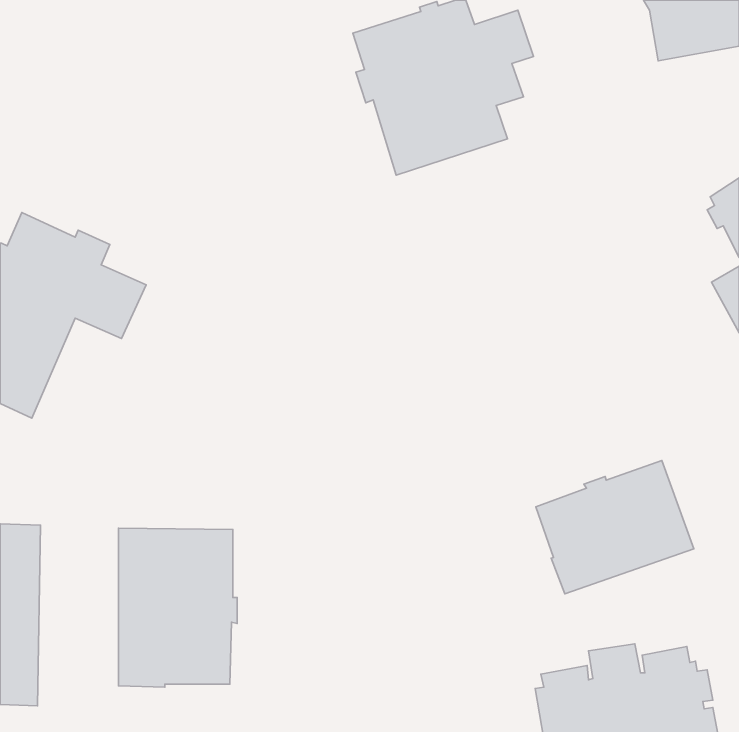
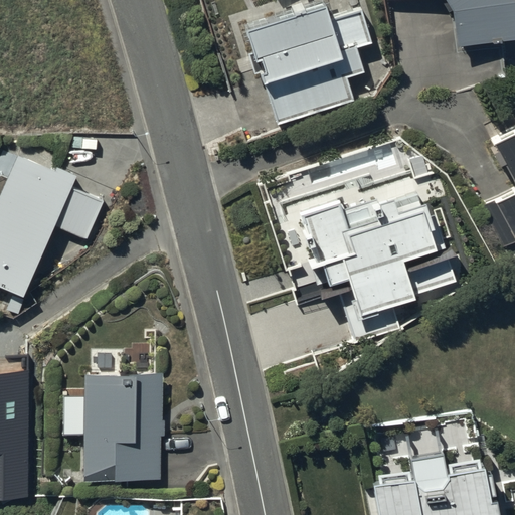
building: none -> [300,194,457,346]
building: [536,461,694,594] -> none

